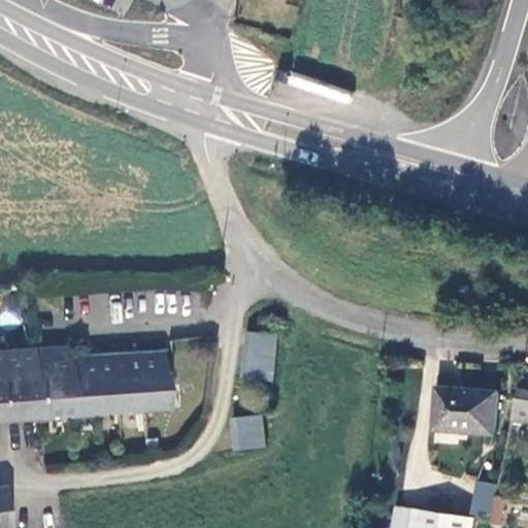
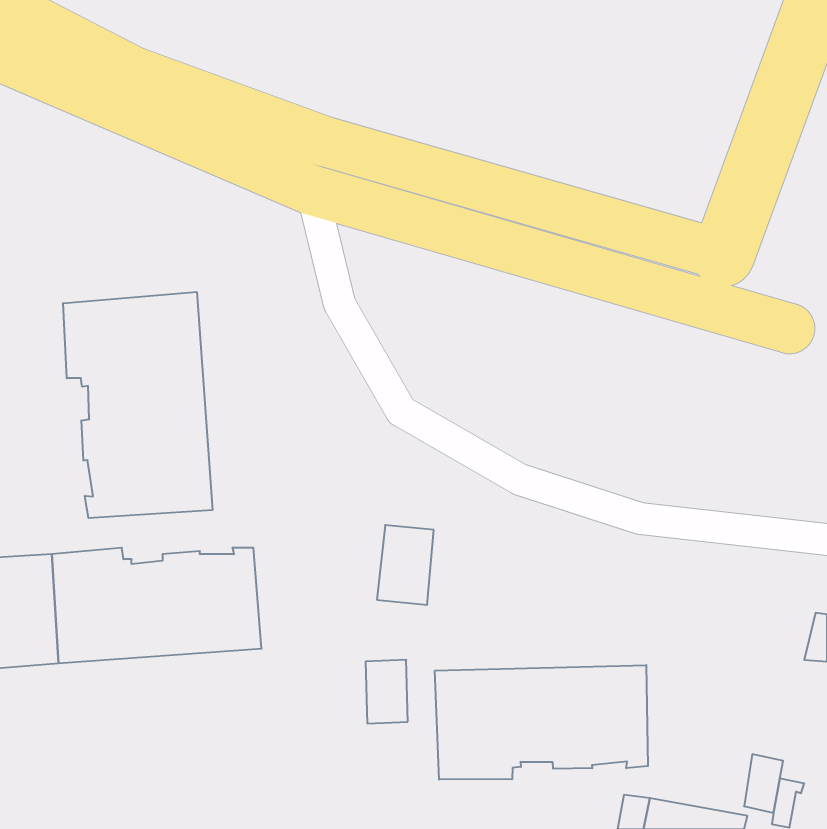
building: none -> [63,292,212,518]
building: [435,387,498,434] -> none
building: none -> [435,665,648,780]

